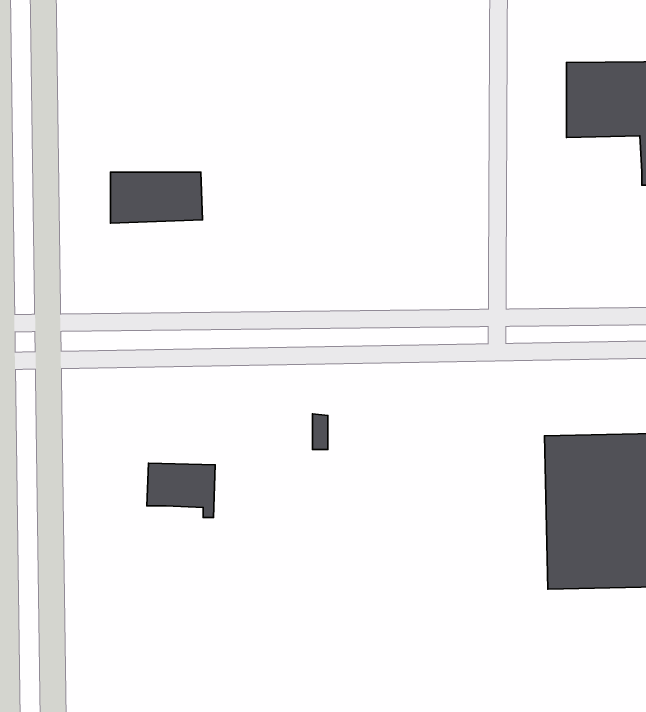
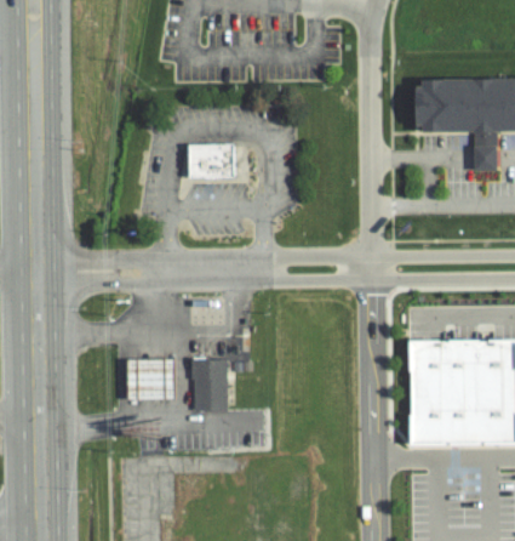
building: [111,172,203,223] -> [188,143,253,180]
building: none -> [190,360,225,414]

